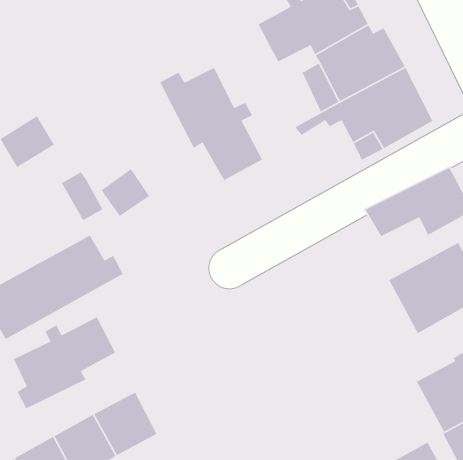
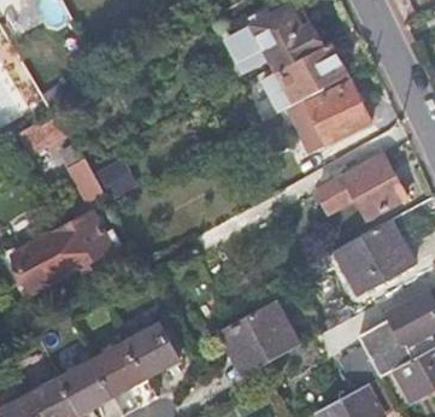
building: [159,67,263,181] -> none
building: [13,316,116,410] -> none
building: none -> [219,303,299,375]
building: none -> [127,323,177,376]

